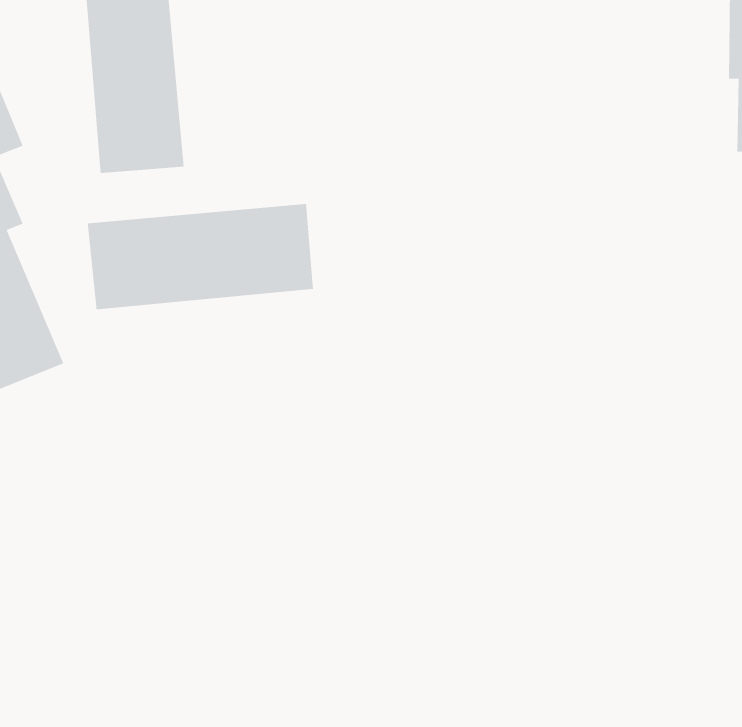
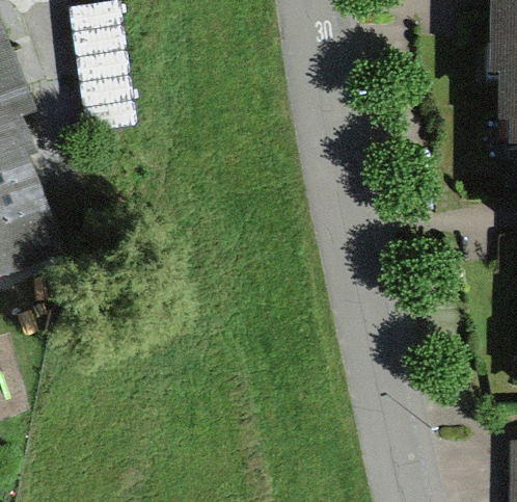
building: [87,203,314,310] -> none

